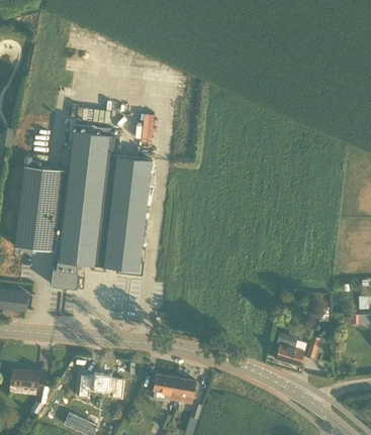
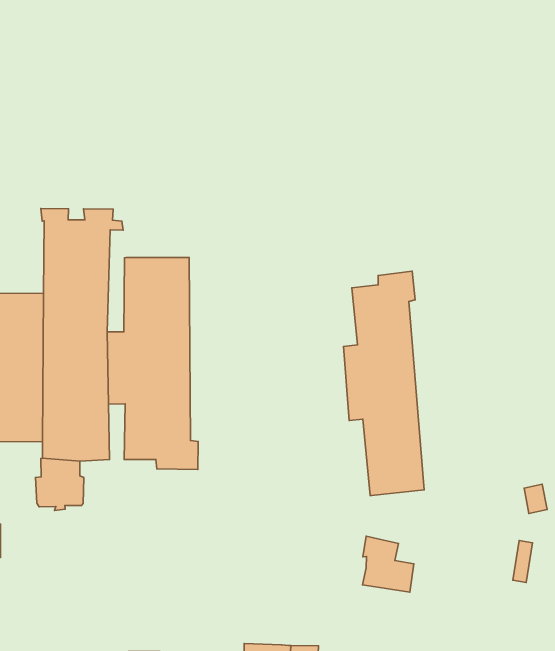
building: none -> [344,271,424,496]
building: [275,333,304,366] -> [363,536,414,592]

